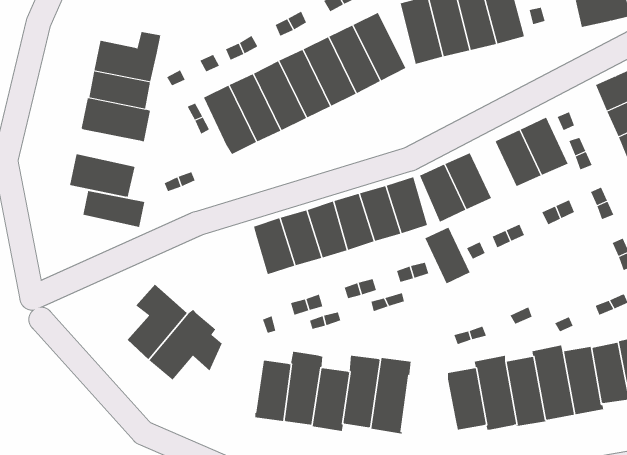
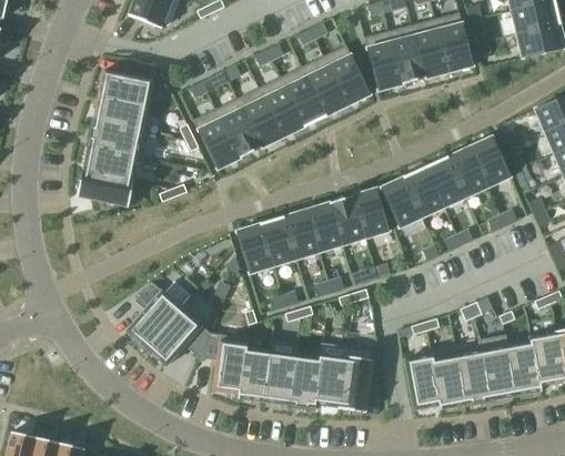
building: [83,191,145,227] -> [84,146,139,179]
building: [424,227,470,284] -> [426,156,466,206]
building: none -> [200,333,249,393]

